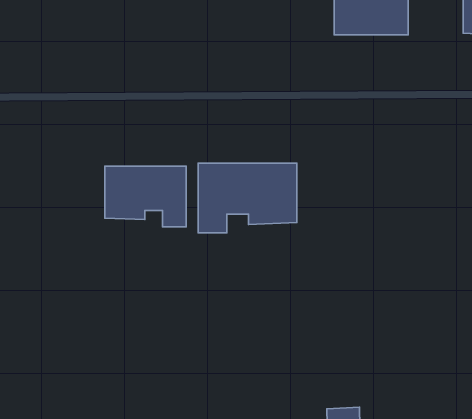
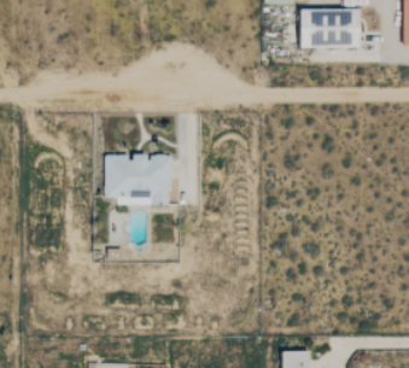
building: [198,163,297,233] -> none

